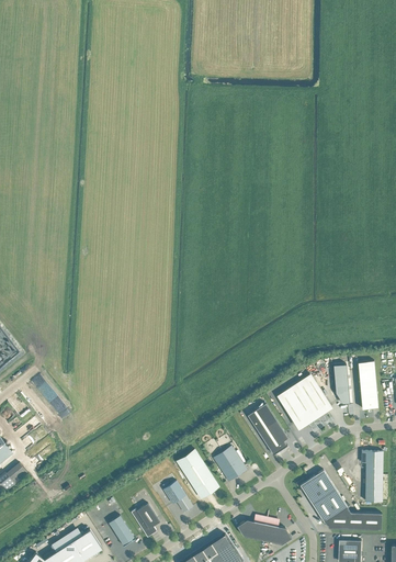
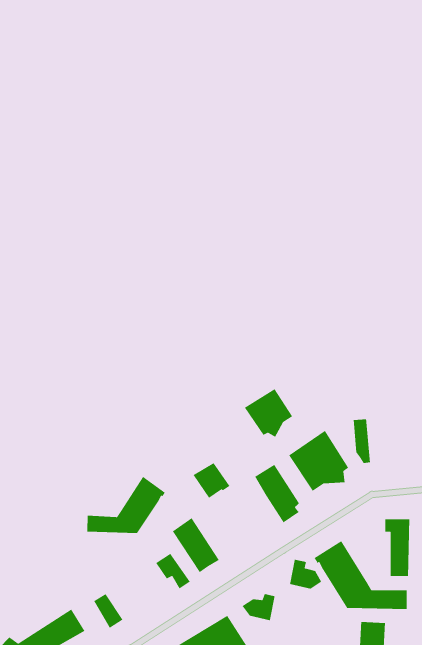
building: none -> [244,388,293,438]
building: [358,361,378,409] -> none
building: none -> [86,476,166,534]
building: [214,449,247,481] -> [192,462,230,499]
building: [131,504,159,537] -> none
building: [262,518,291,544] -> [289,559,322,589]

